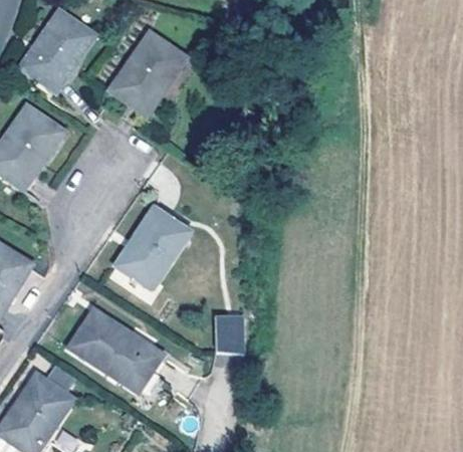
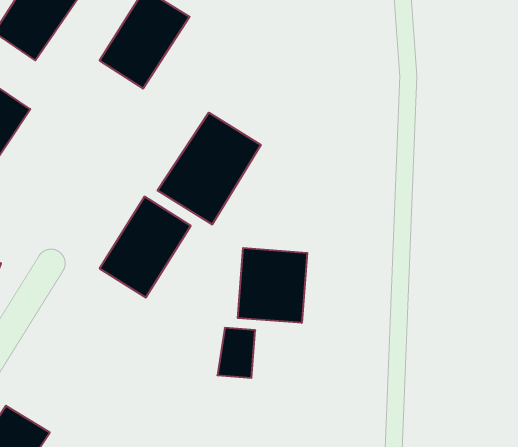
building: none -> [158,113,261,225]
building: none -> [238,248,307,323]
building: [69,309,165,392] -> none

